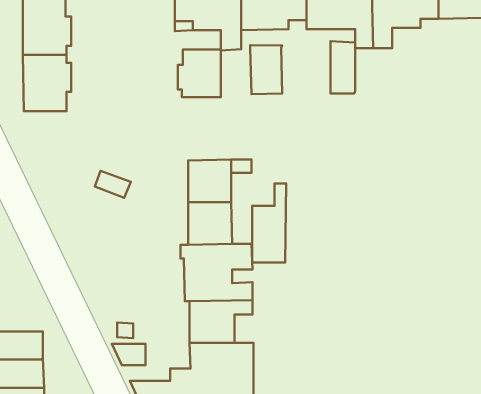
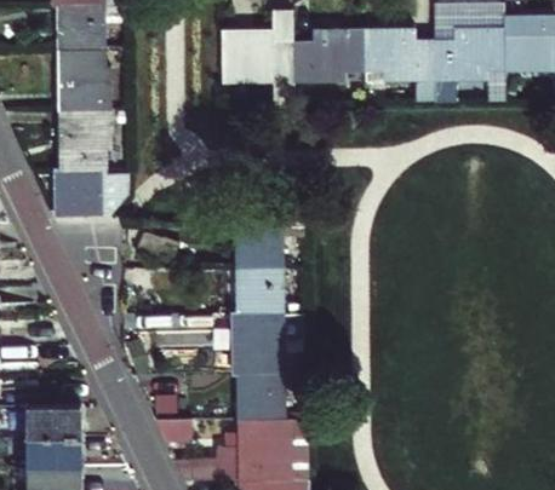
building: [330,41,355,94] -> none
building: [250,45,282,94] -> none
building: [178,49,221,97] -> none
building: none -> [53,169,127,215]
building: [252,183,286,262] -> none

